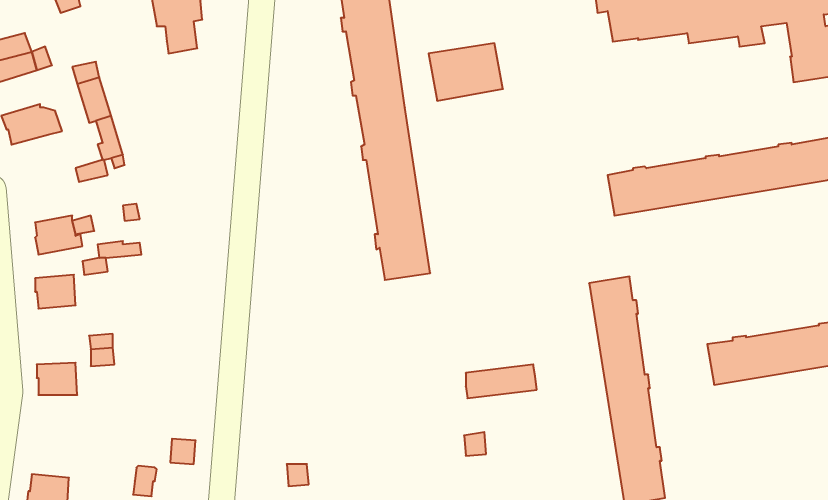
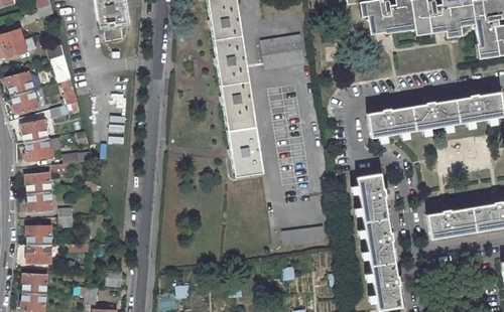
building: none -> [12,90,39,114]
building: none -> [21,120,48,142]
building: none -> [28,191,52,211]
building: none -> [27,245,51,263]
building: none -> [23,274,47,294]

